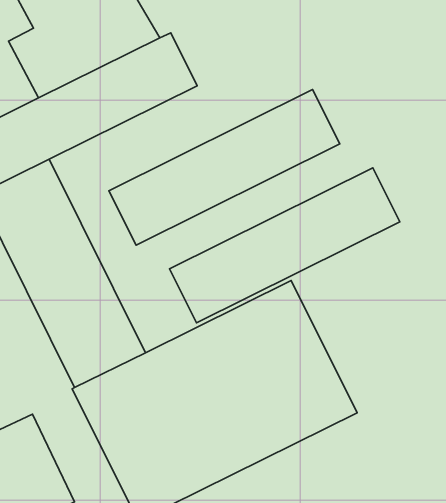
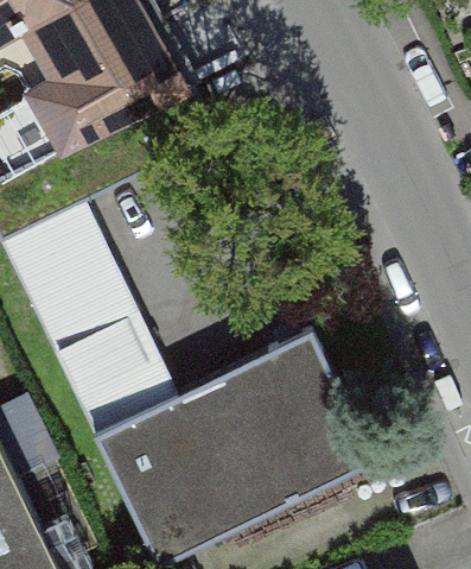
building: [109,90,340,245] -> none
building: [169,168,400,323] -> none

